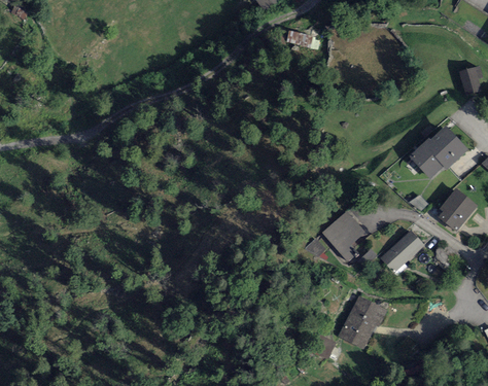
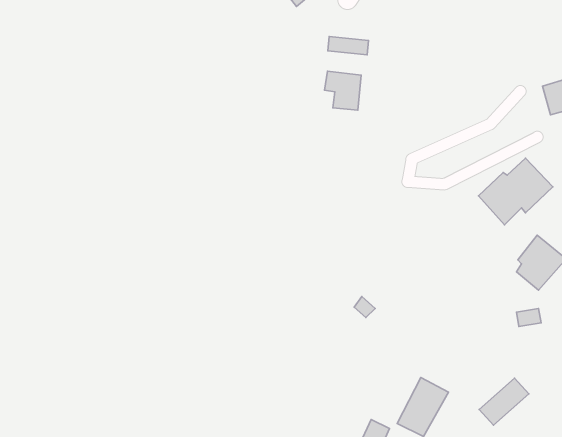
building: none -> [325,71,361,110]
building: [323,214,368,265] -> none
building: [385,234,424,271] -> [479,378,529,425]

